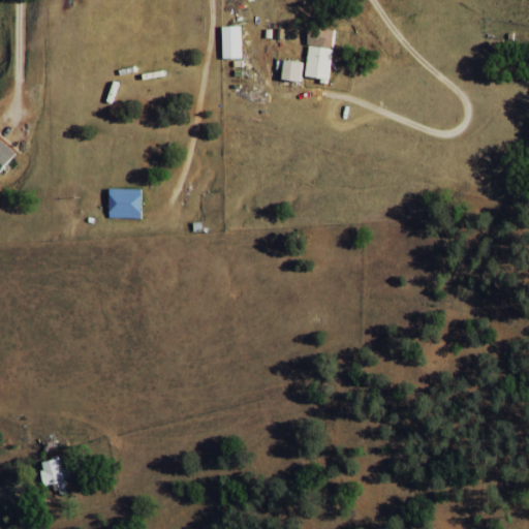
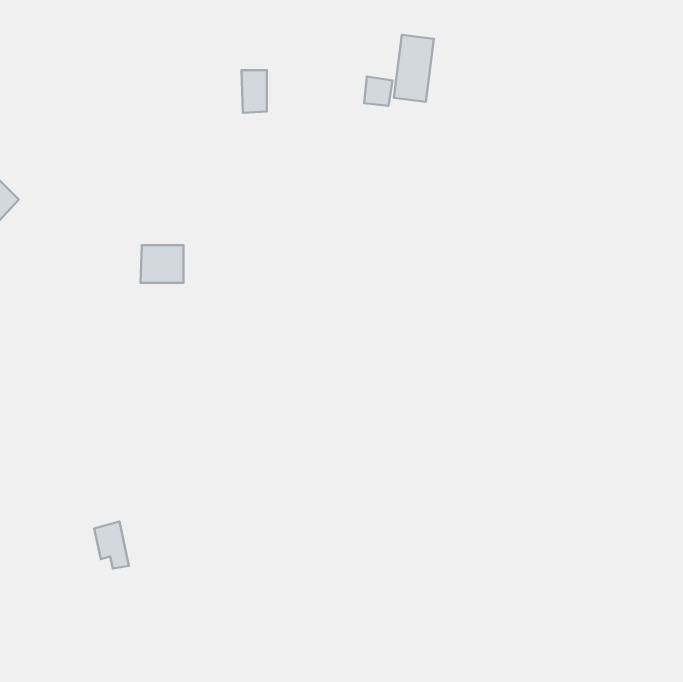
building: [221,26,241,59] -> [241,70,267,113]
building: [39,457,66,493] -> [94,522,129,569]

